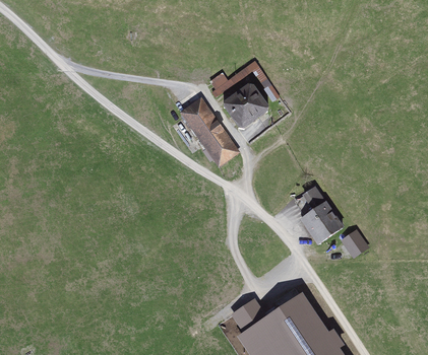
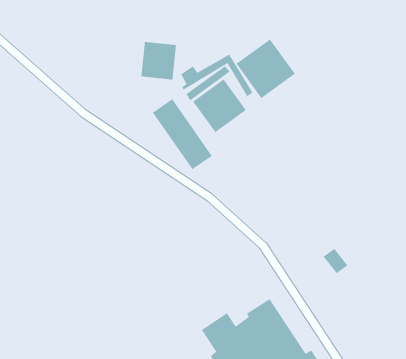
building: none -> [236,38,296,99]
building: none -> [140,41,177,80]
building: [292,190,343,245] -> none

